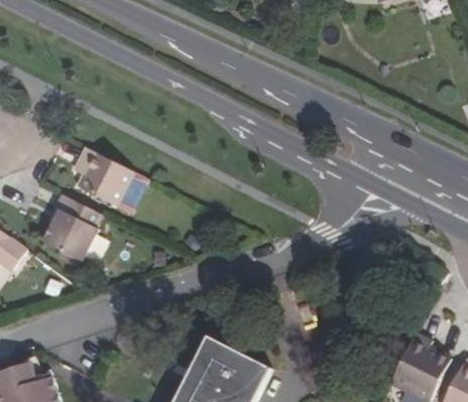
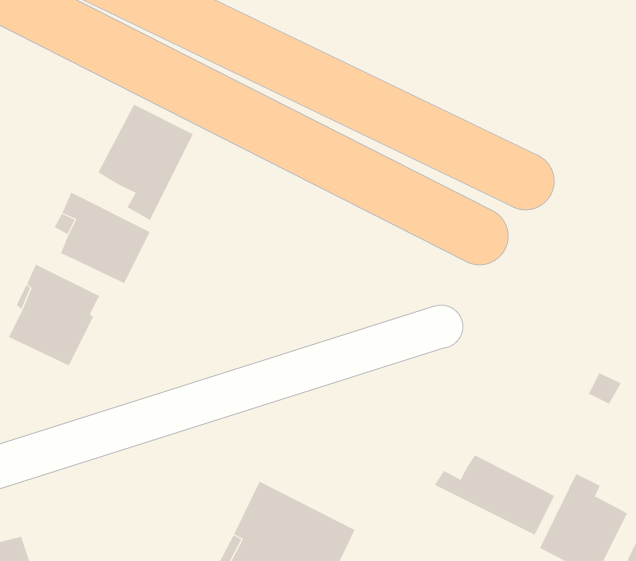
building: none -> [98,104,194,221]
building: none -> [434,454,555,536]

